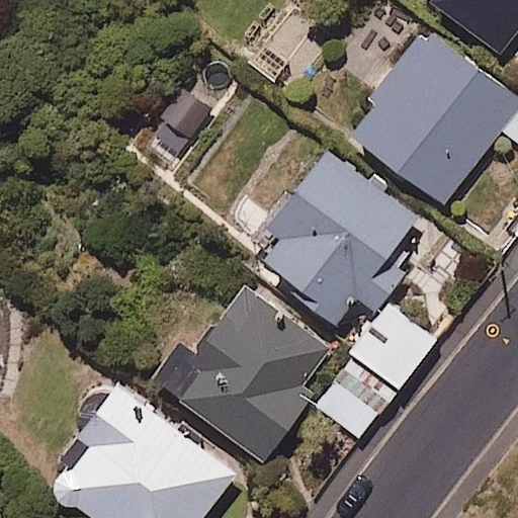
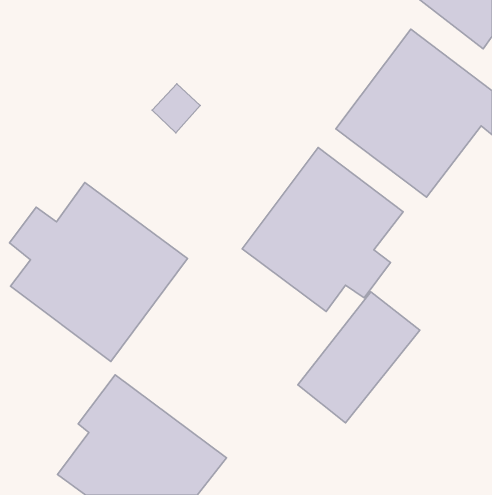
building: none -> [10,183,188,361]
building: [157,288,328,461] -> none

